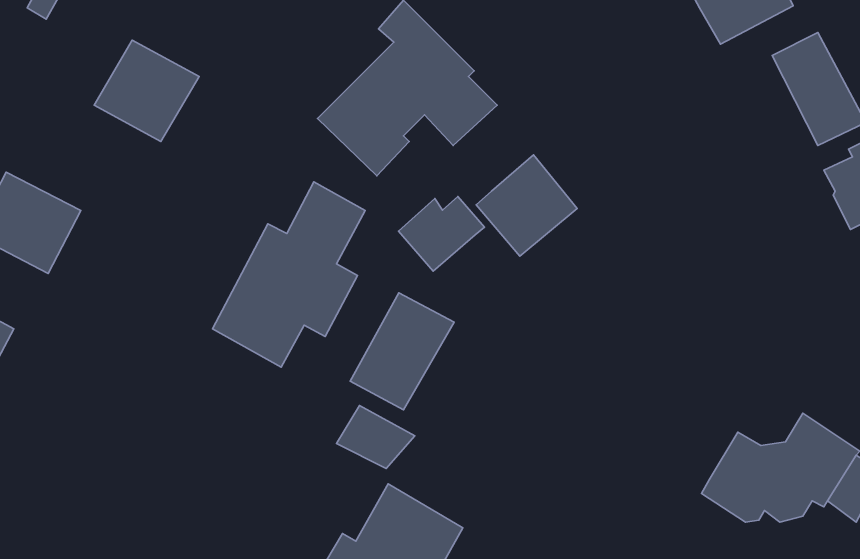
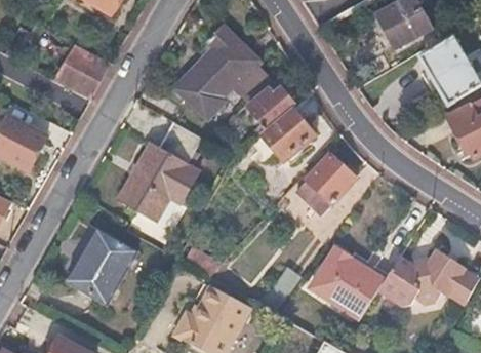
building: [399,197,485,271] -> [249,86,295,126]
building: none -> [305,153,354,206]
building: [350,293,454,410] -> none
building: none -> [69,228,138,303]
building: none -> [313,247,385,318]

